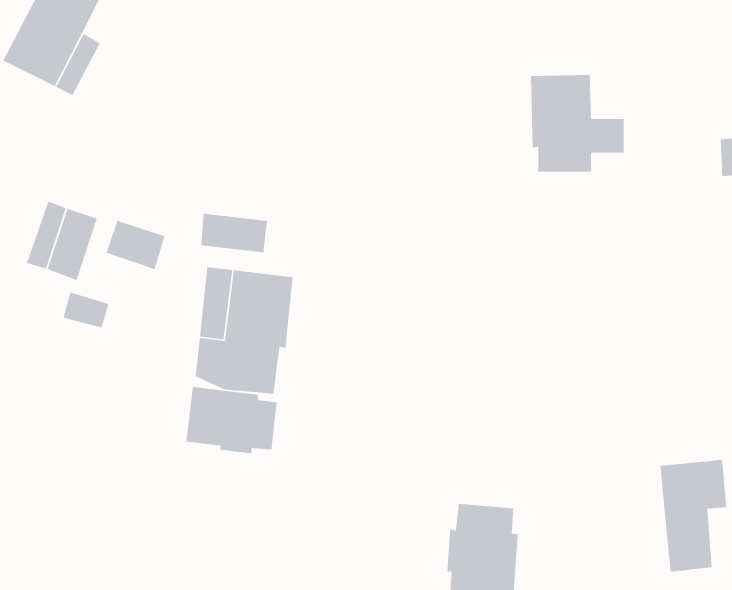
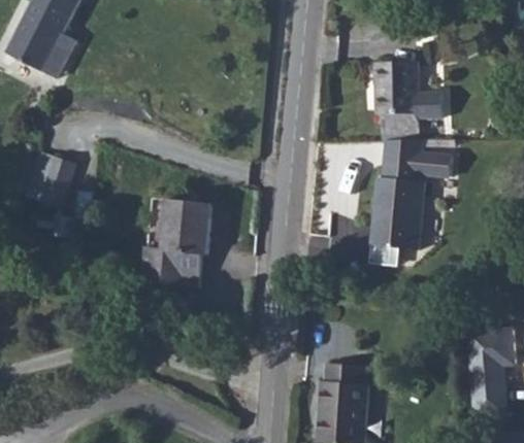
building: none -> [371,138,452,263]
building: [201,213,268,253] -> none
building: [106,220,165,270] -> none
building: [185,386,278,454] -> none

